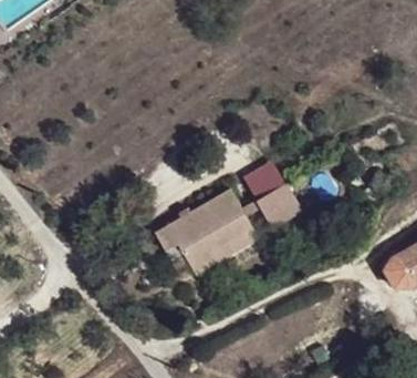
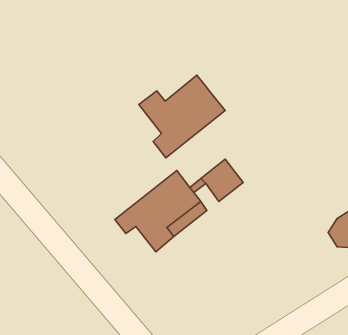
building: none -> [139,75,225,158]

